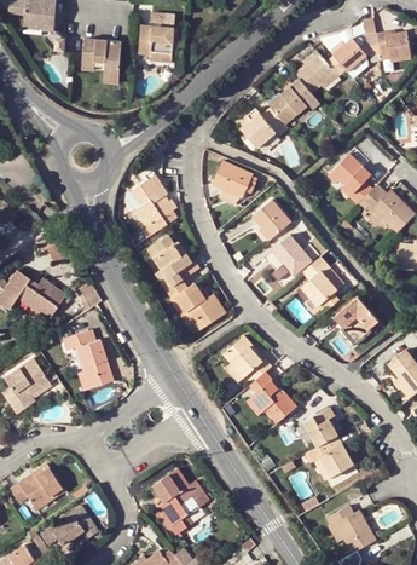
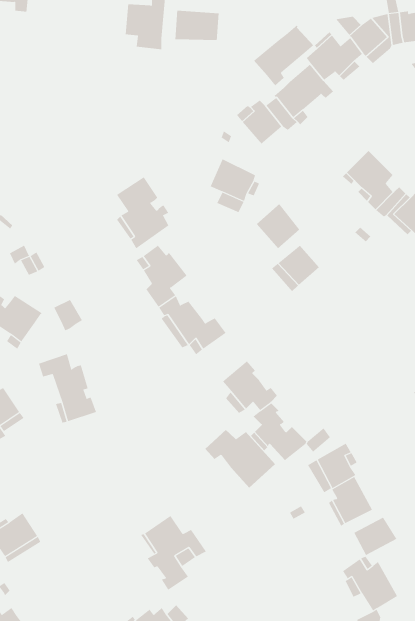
building: none -> [175,10,219,41]
building: [80,39,121,76] -> none
building: none -> [253,25,314,86]
building: [301,256,343,305] -> none
building: [334,296,378,345] -> none
building: none -> [204,429,276,488]
building: none -> [354,517,397,556]
building: [41,517,98,544] -> none

